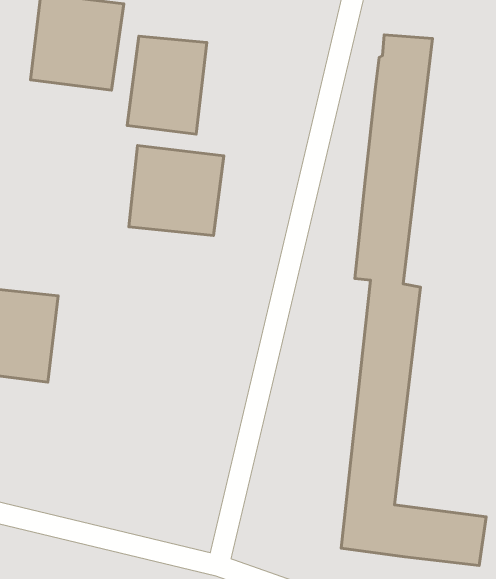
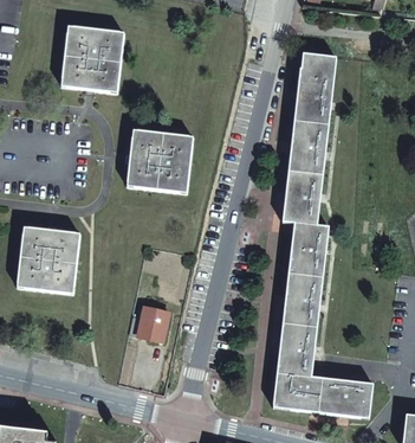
building: [127,36,207,134] -> none
building: none -> [129,306,168,341]

